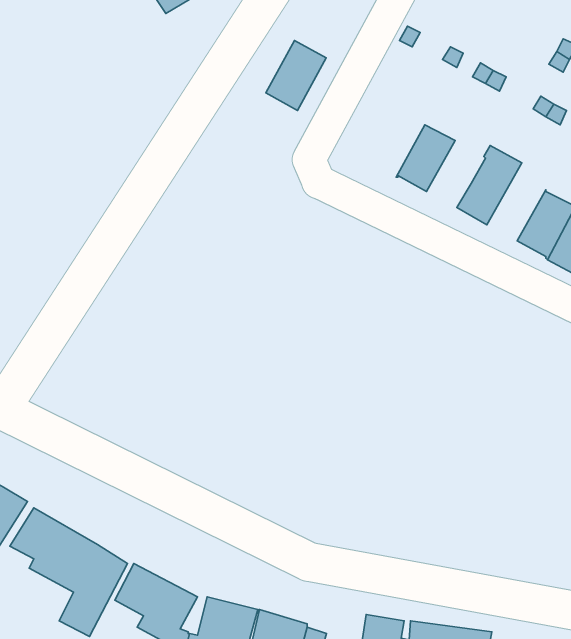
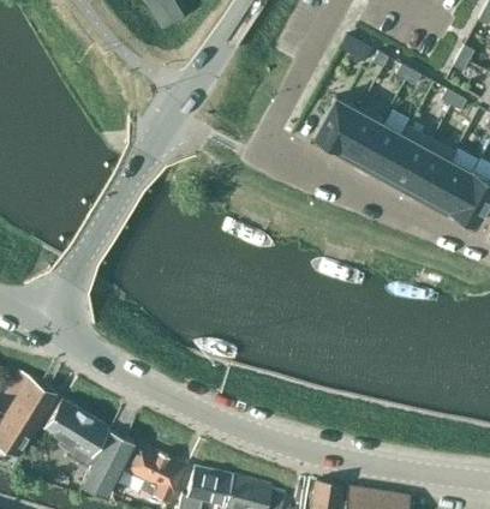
building: [266,40,326,110] -> [315,98,360,151]
building: none -> [361,124,406,174]
building: none -> [407,140,456,199]

